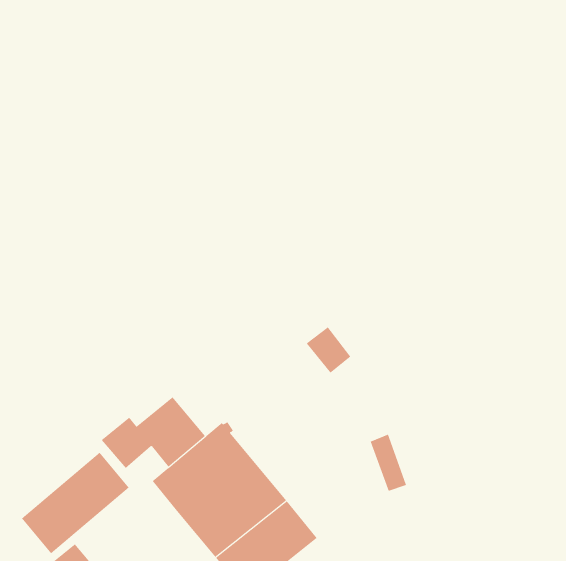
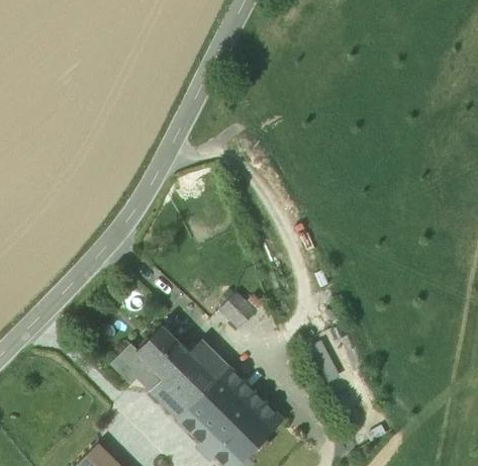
building: [306,327,351,373] -> [221,294,256,329]
building: [21,452,129,554] -> none

